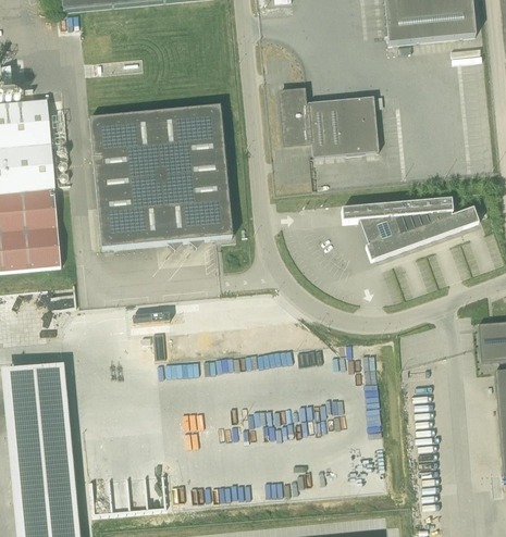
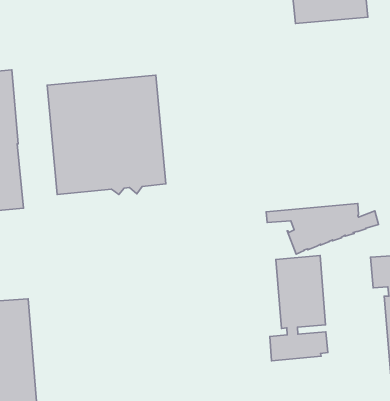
building: [282,89,378,157] -> none
building: [341,198,476,259] -> [266,204,379,254]
building: none -> [270,256,328,361]

